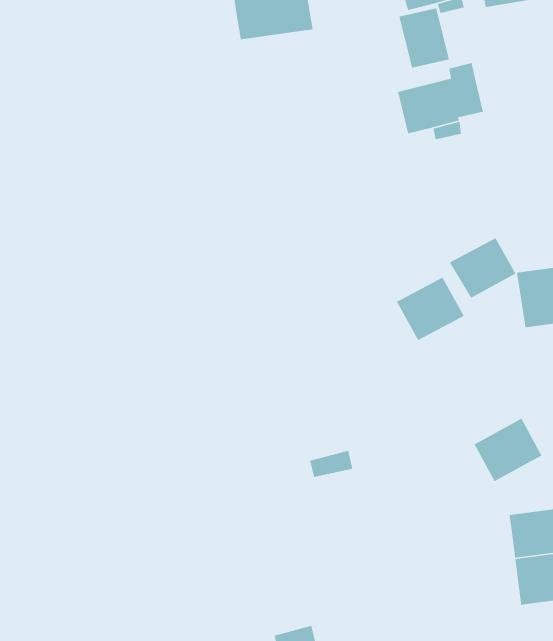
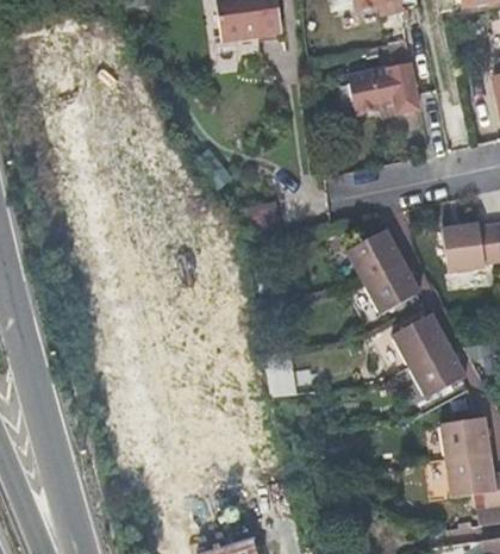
building: [398,8,450,69] -> none
building: [449,237,516,299] -> [365,262,420,312]
building: none -> [394,312,450,366]

